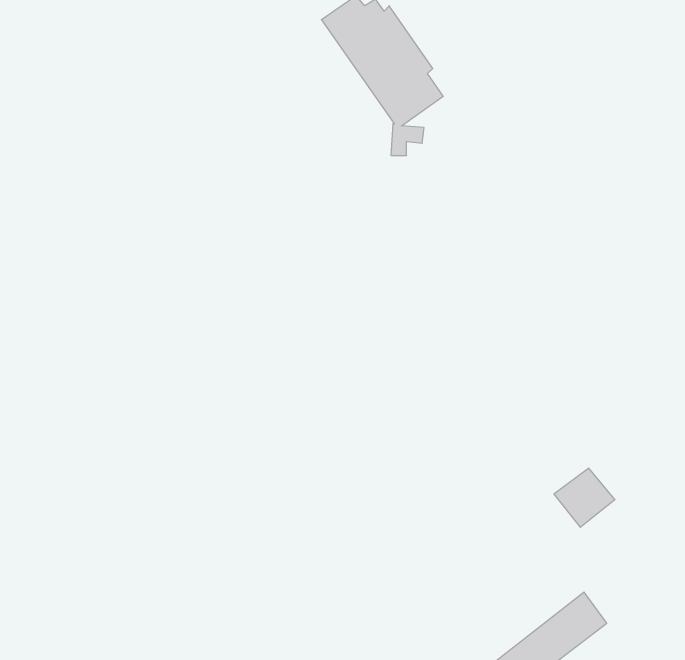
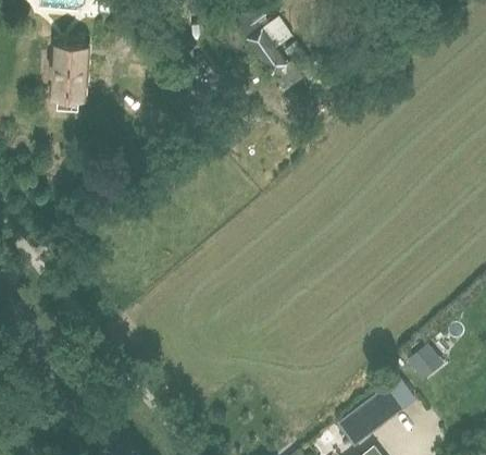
building: none -> [51,44,89,110]
building: [554,468,615,527] -> [406,343,444,380]

